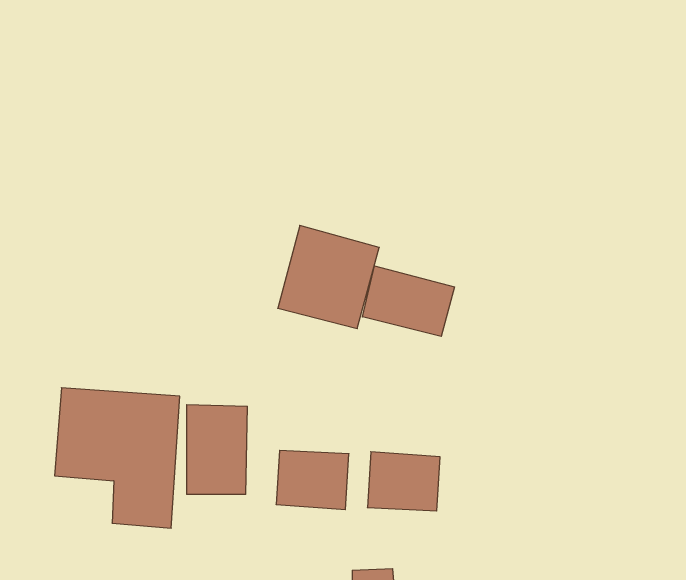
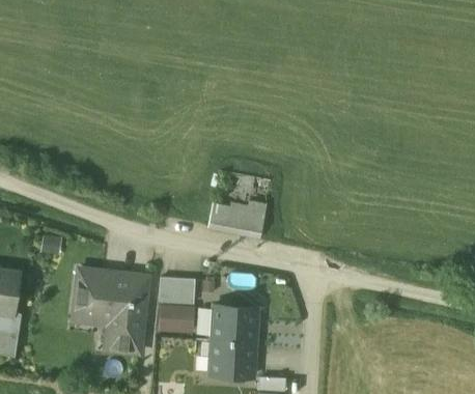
building: [362,266,454,336] -> none
building: [367,452,440,511] -> [208,340,253,376]

